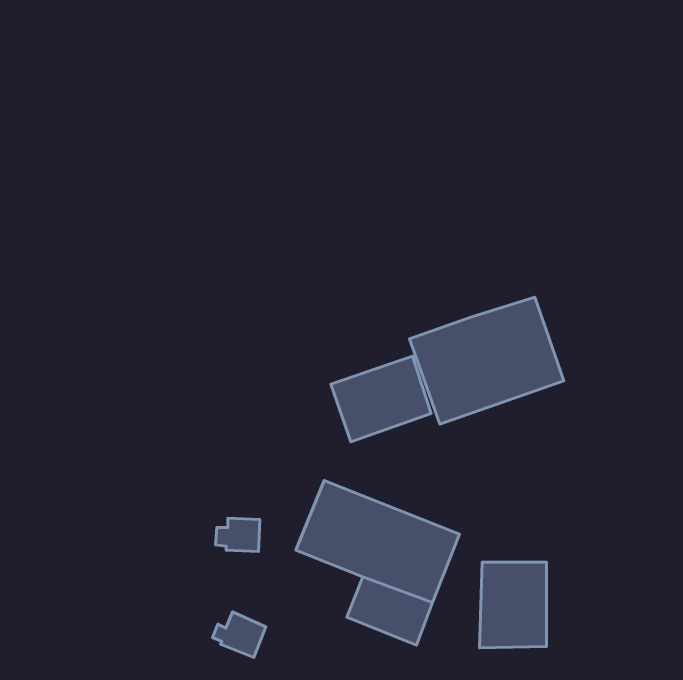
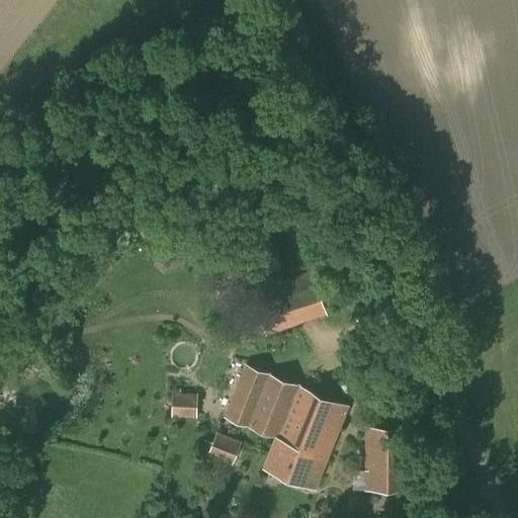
building: [410,297,564,424] -> none
building: [212,612,266,657] -> [200,433,241,467]

